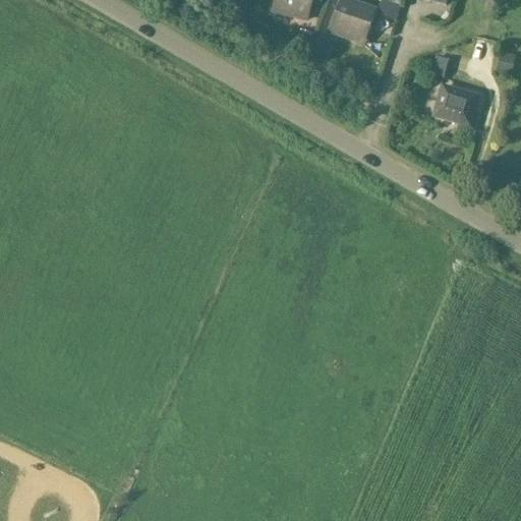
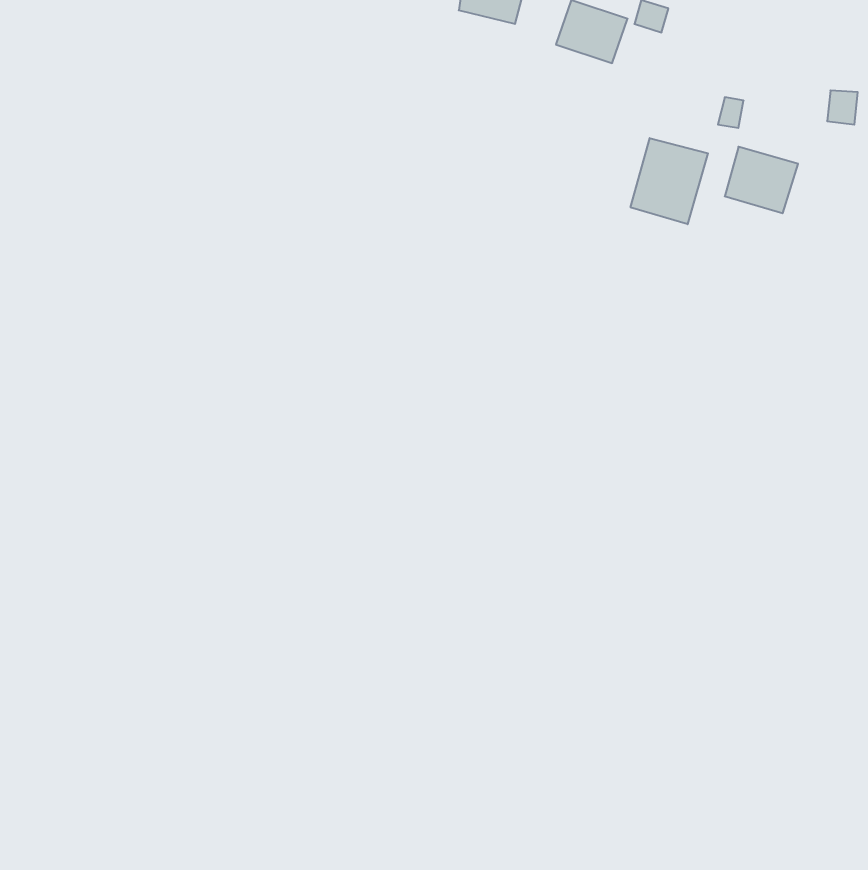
building: none -> [631,138,708,224]

